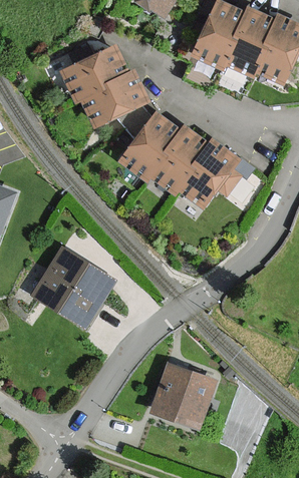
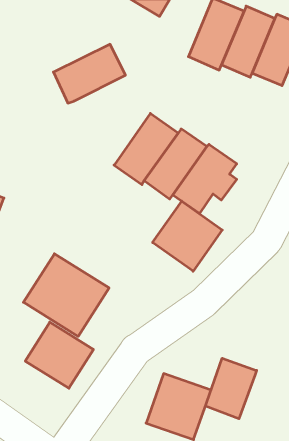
building: [81,71,150,126] -> none
building: none -> [153,201,222,271]
building: none -> [25,322,93,388]
building: none -> [205,358,257,419]

